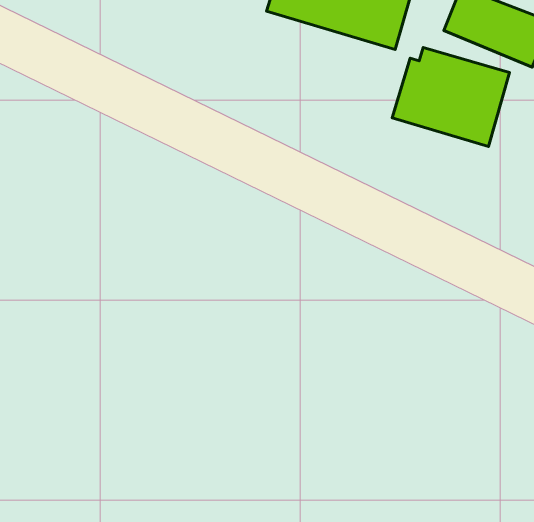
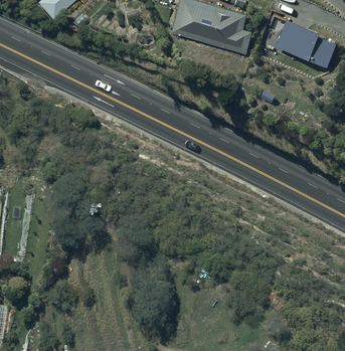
building: [392,47,510,146] -> none

